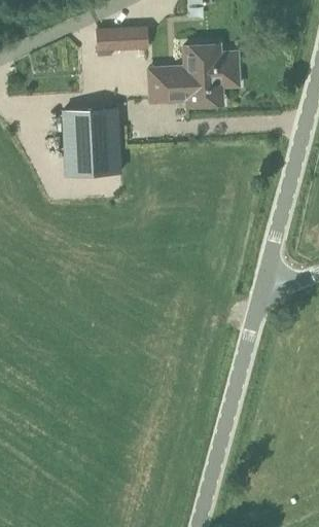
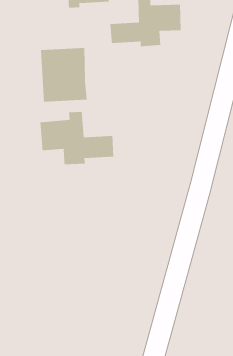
building: none -> [40,111,114,165]

